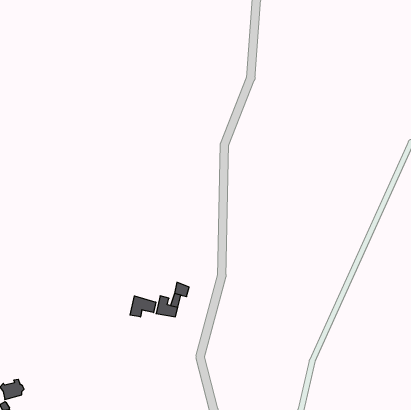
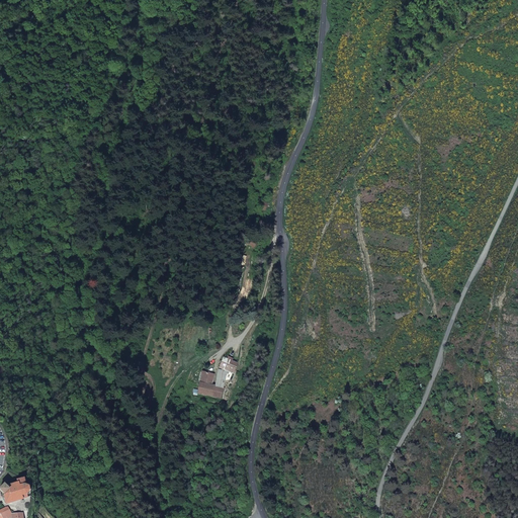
building: [130,296,156,317] -> none

